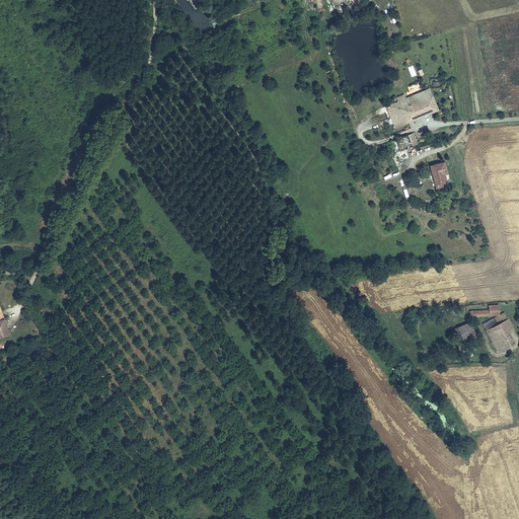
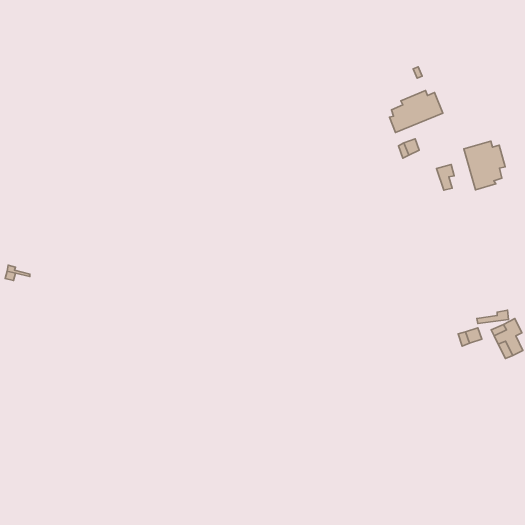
building: none -> [464,141,505,190]

